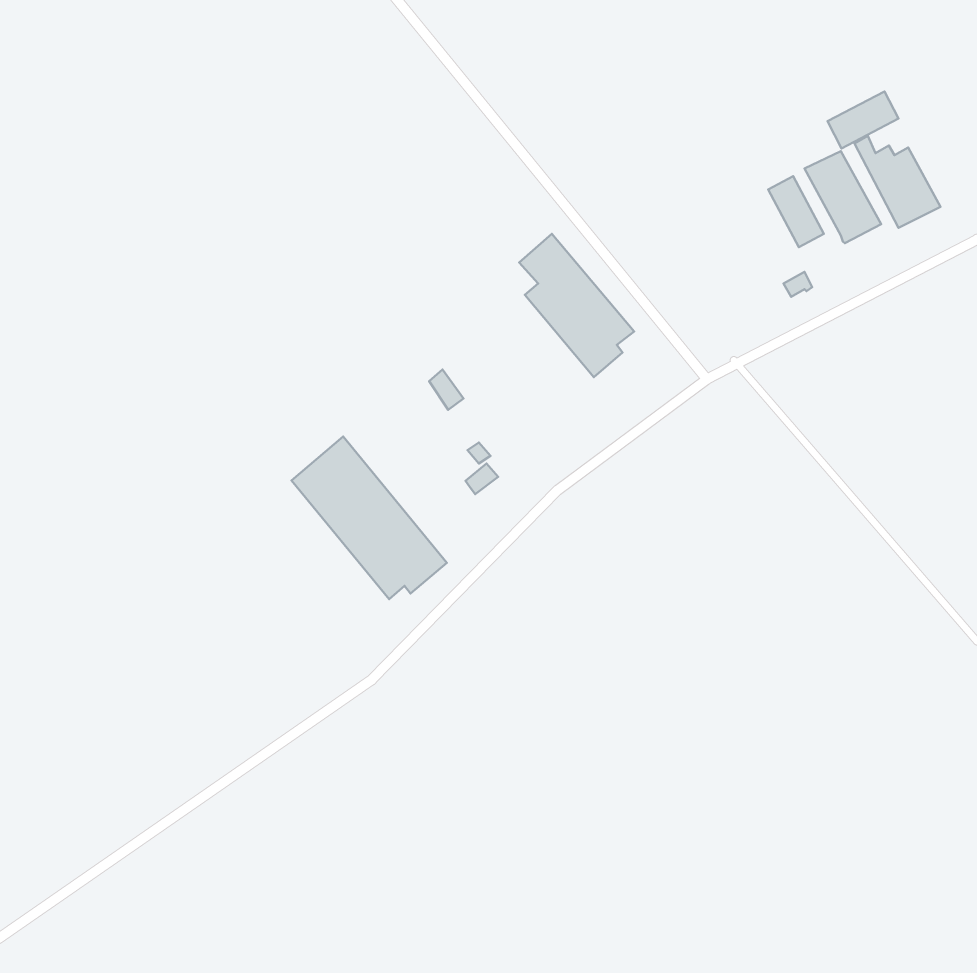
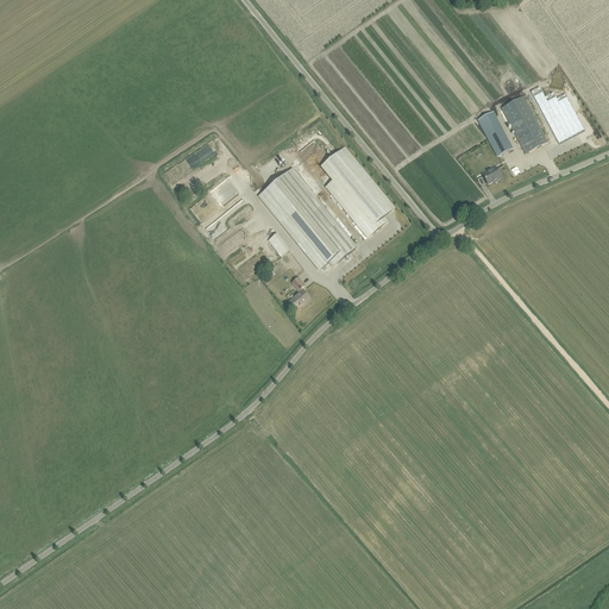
building: [828,92,898,148] -> none
building: [292,436,447,599] -> [258,167,354,268]

